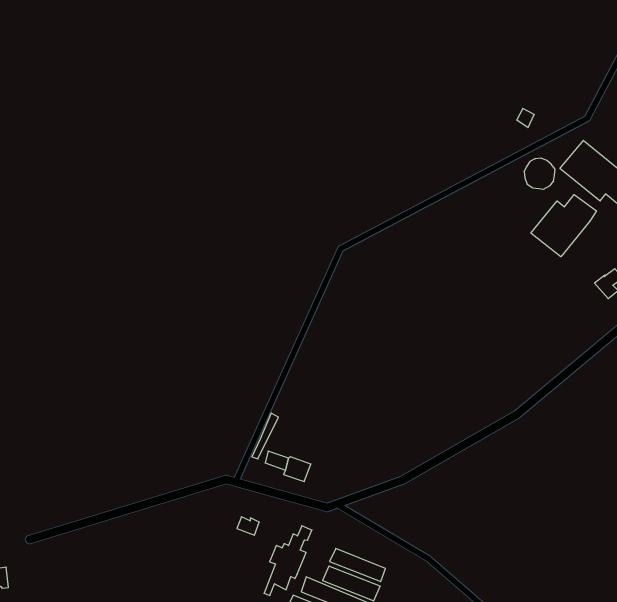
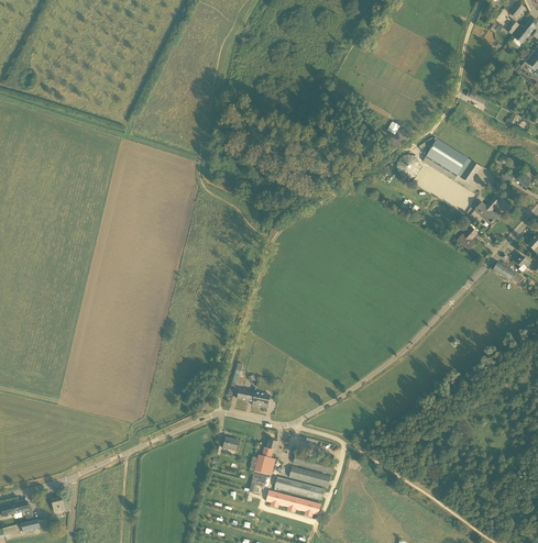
building: [531,195,596,257] -> none

